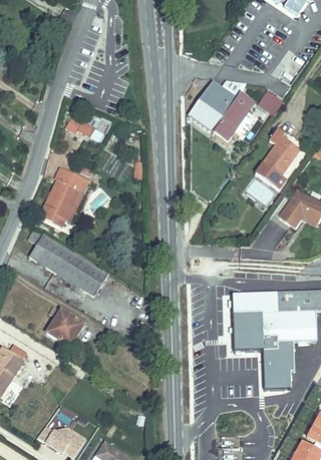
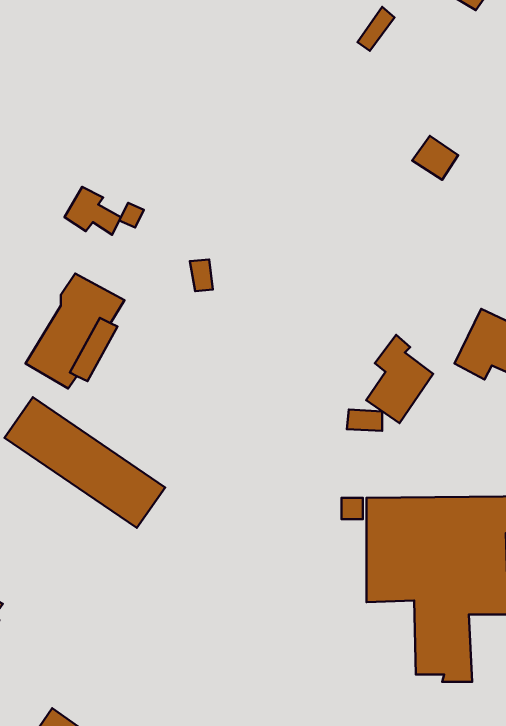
building: [188,82,252,141] -> none
building: [262,128,300,178] -> [366,335,433,423]
building: [48,312,84,349] -> none

